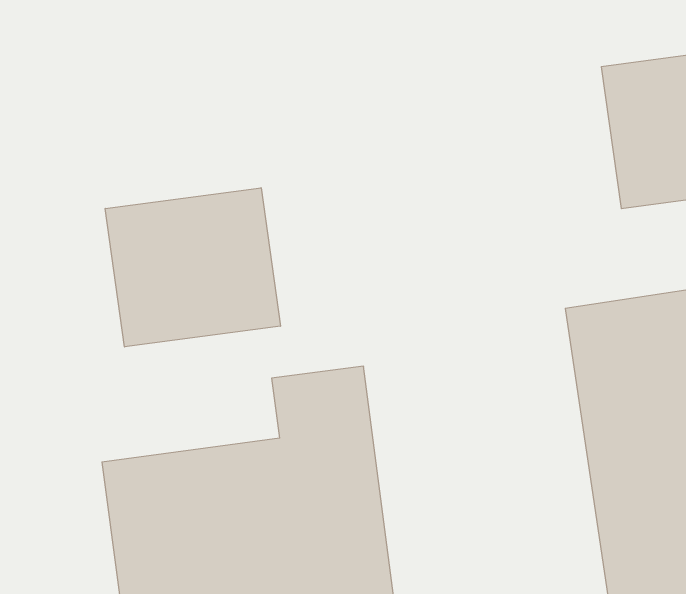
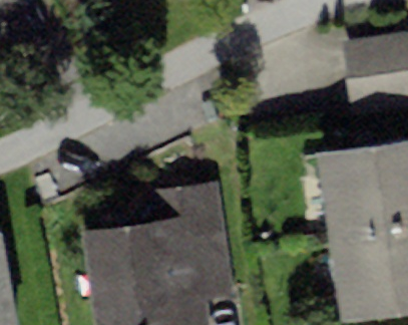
building: [105,188,280,347] -> none

